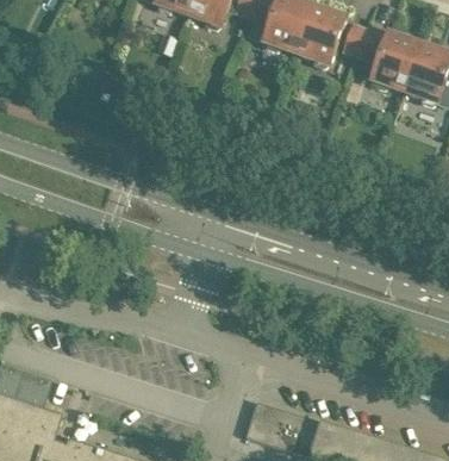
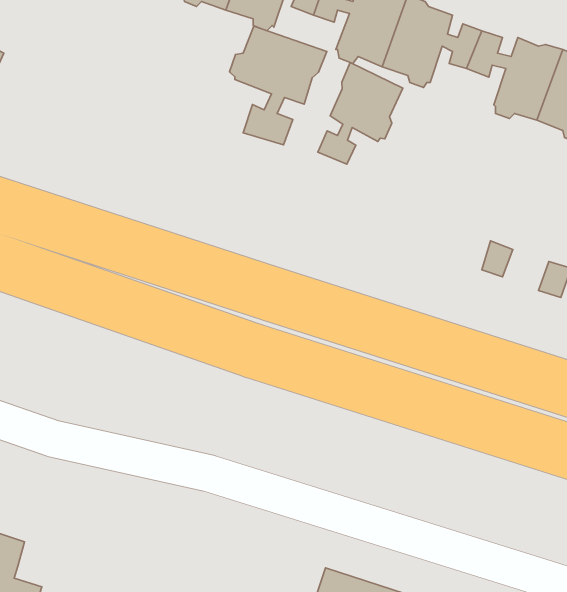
building: none -> [230,26,327,145]
building: none -> [318,62,403,164]

